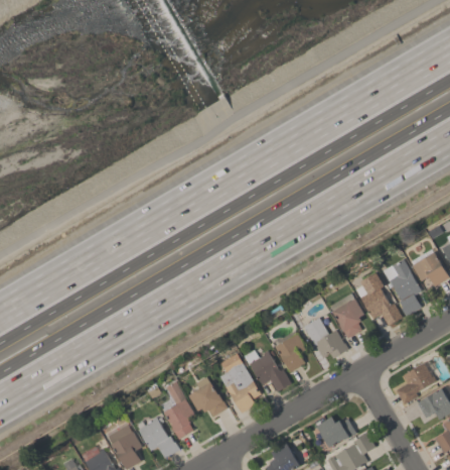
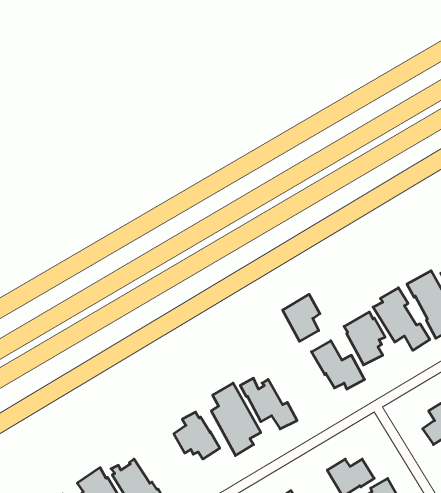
building: [275,333,306,372] -> [283,294,320,341]
building: [160,381,194,439] -> none

